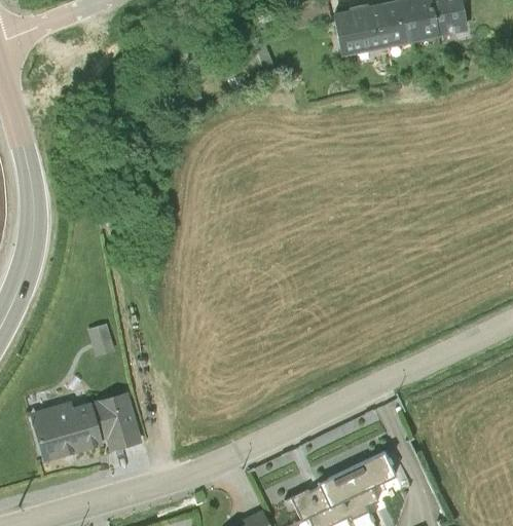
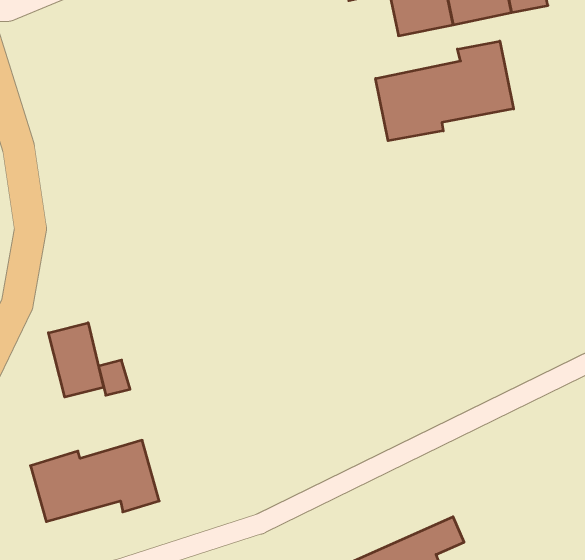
building: none -> [376,41,514,141]
building: none -> [48,323,104,397]

